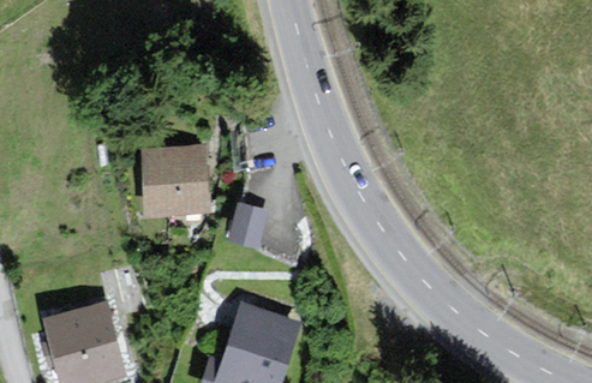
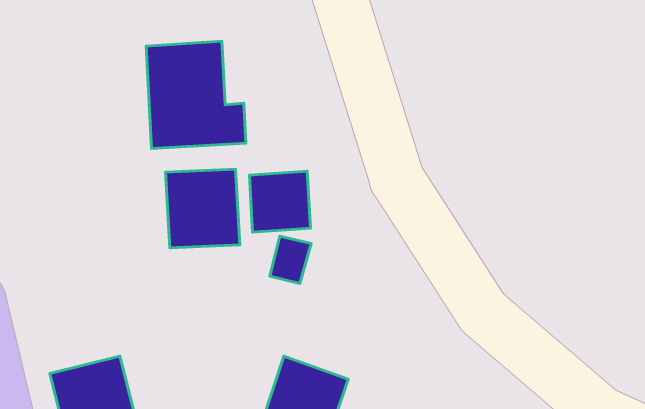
building: none -> [146,41,246,148]
building: none -> [249,171,311,232]

